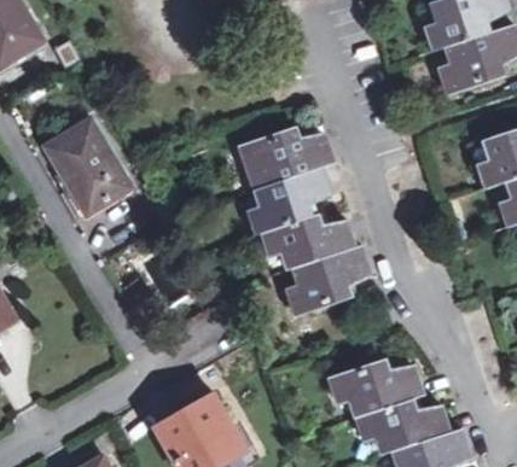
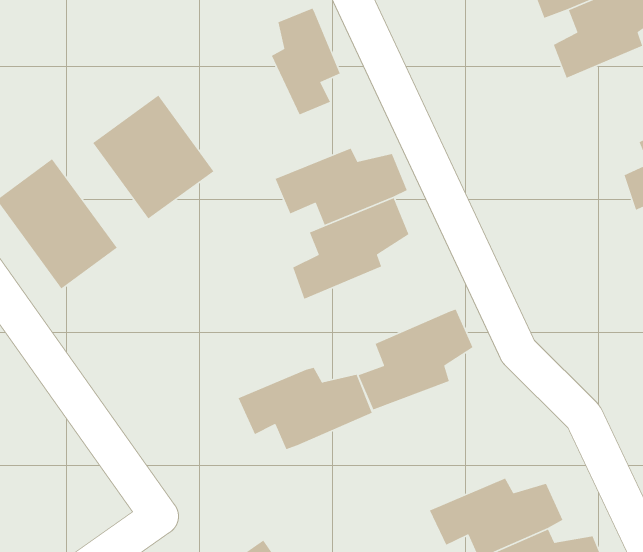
building: none -> [271,8,341,116]
building: none -> [92,95,214,219]
building: [261,210,353,265] -> [237,367,373,450]

